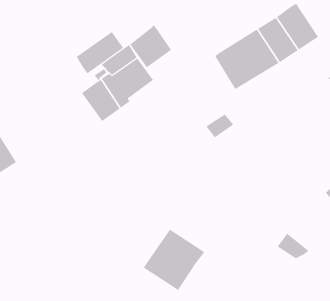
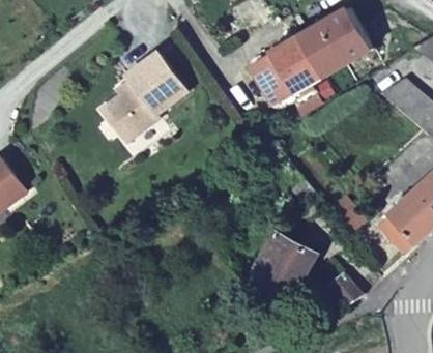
building: [130,25,172,68] -> none
building: [76,31,124,74] -> none
building: [143,229,205,291] -> [243,228,316,299]

